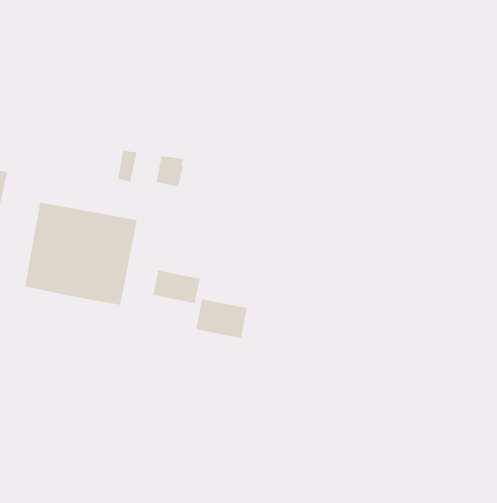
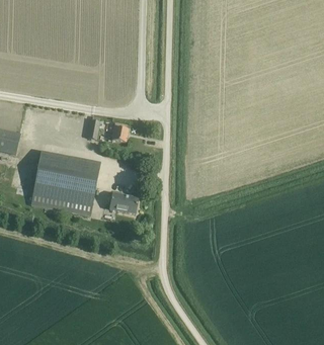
building: [196,299,247,339] -> none

